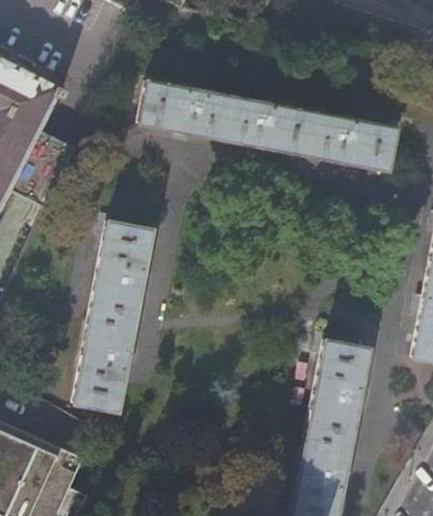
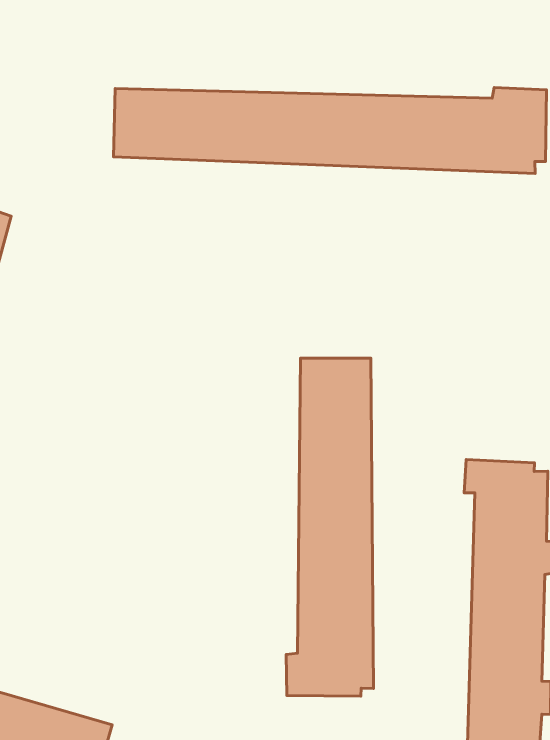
building: [73,215,149,412] -> none
building: none -> [286,358,374,696]

